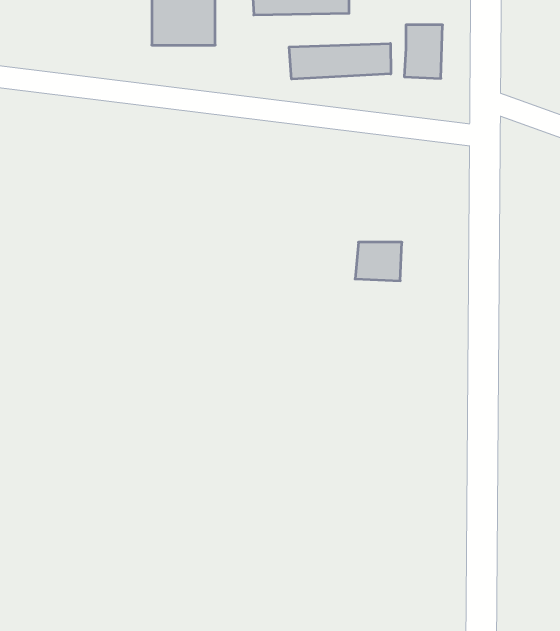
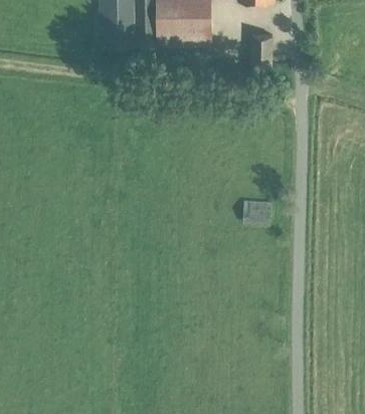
building: [289,43,391,79] -> none
building: [355,242,402,281] -> [241,200,269,223]

